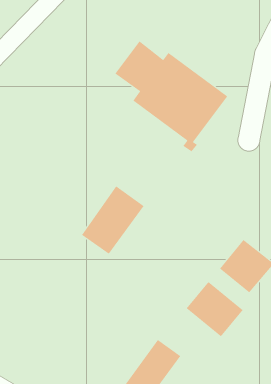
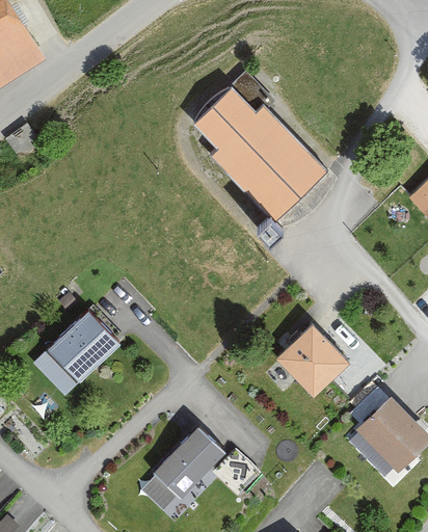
building: [81,186,145,255] -> [41,311,118,389]
building: [186,281,244,337] -> none

